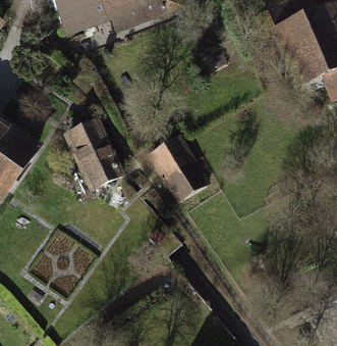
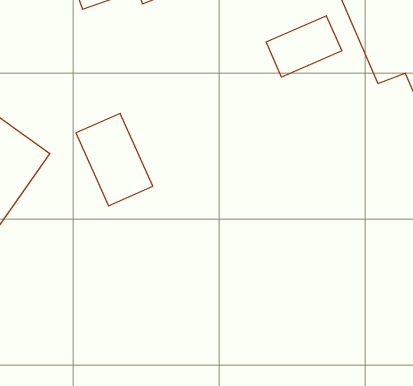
building: none -> [266,16,342,77]
building: [145,137,205,204] -> none

